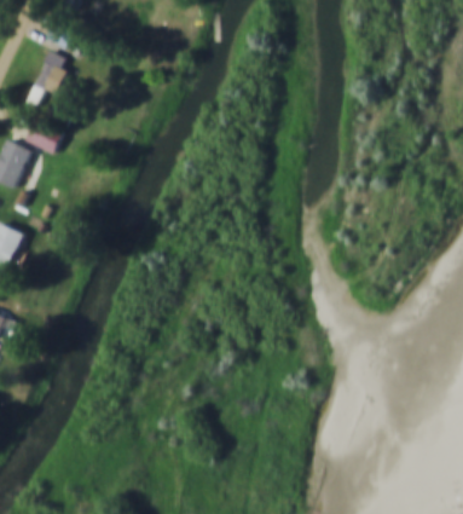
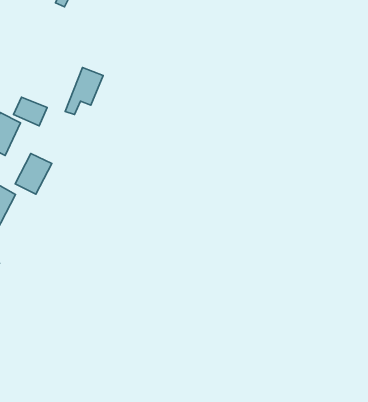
building: [27,50,71,105] -> [65,67,103,115]
building: none -> [15,153,52,194]

